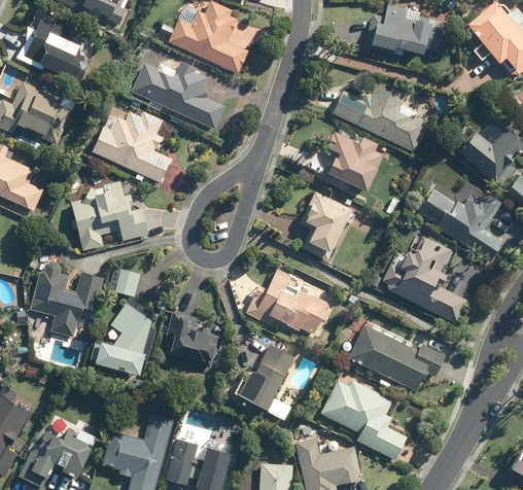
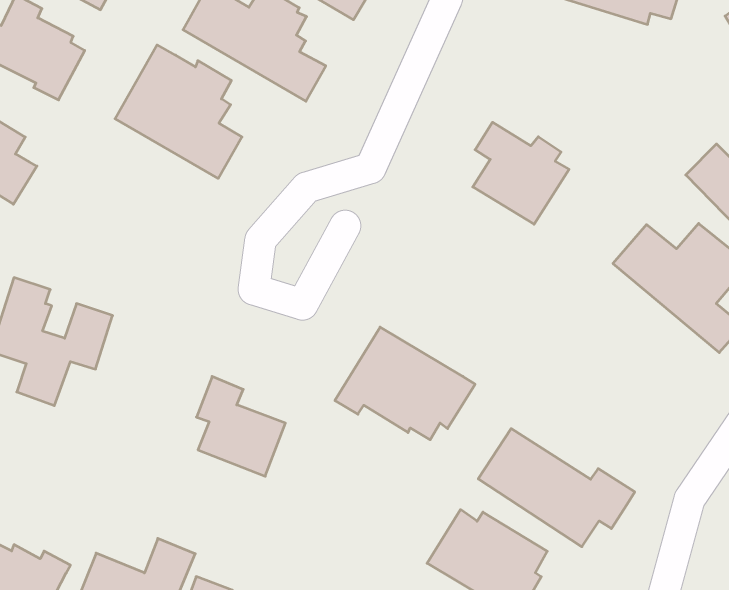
building: [332,85,428,153] -> none
building: [69,183,151,252] -> none
building: [300,195,349,261] -> none
building: [378,234,466,324] -> none
building: [89,269,153,375] -> none
building: [236,343,295,422] -> none

